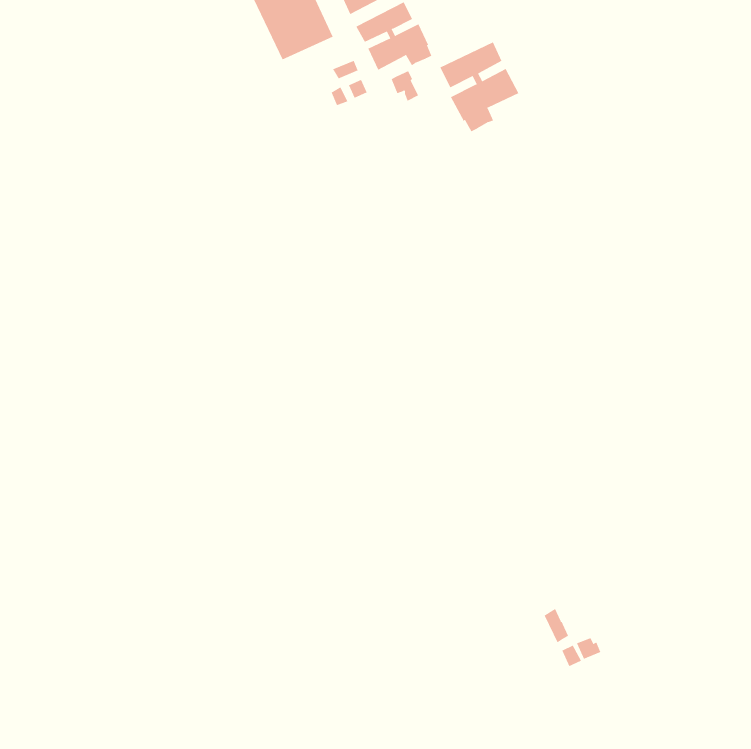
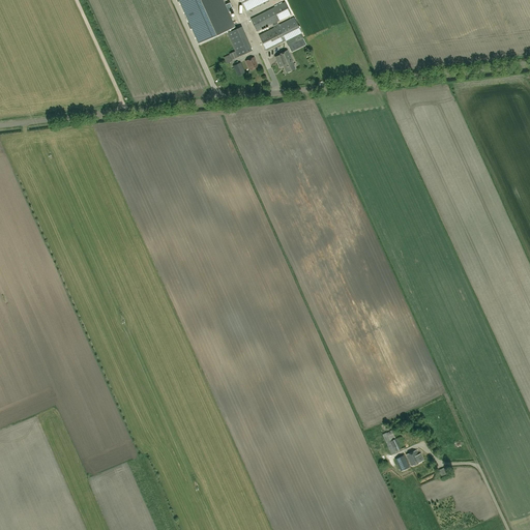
building: [440,41,519,132] -> none

